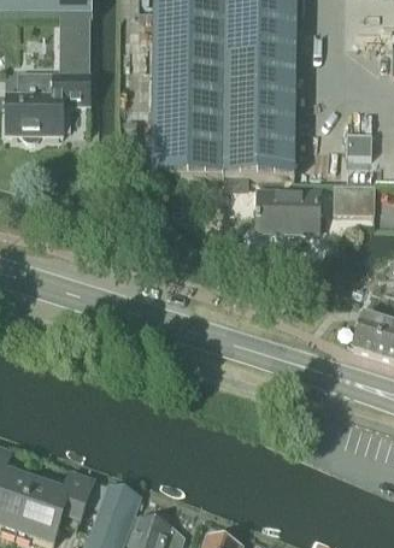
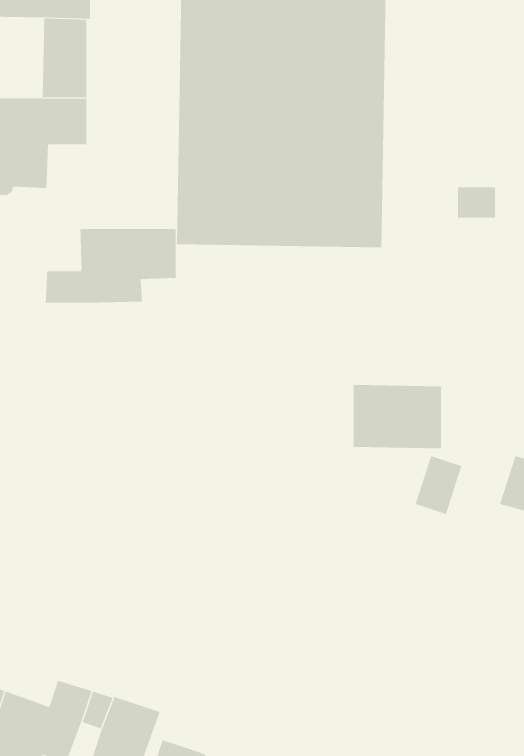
building: none -> [45,228,176,304]
building: [333,181,375,211] -> none
building: [258,184,319,229] -> [353,384,442,449]
building: [353,310,386,350] -> [415,455,462,515]

